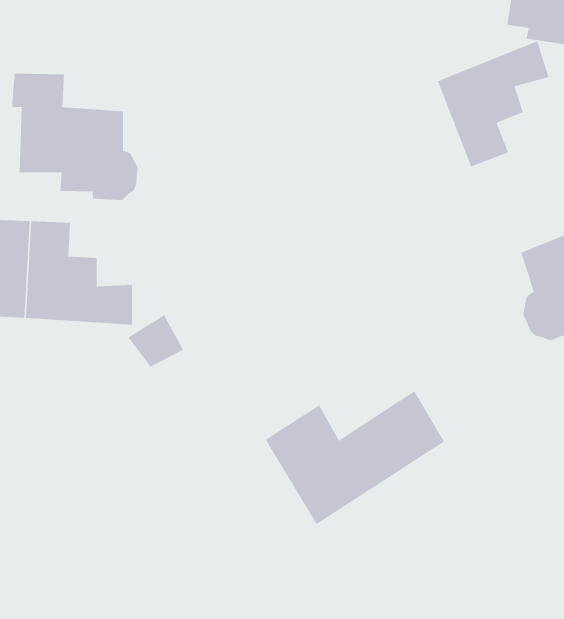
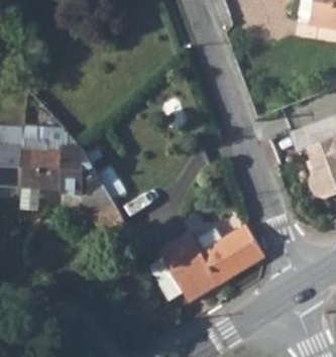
building: [437,41,549,167] -> none
building: [12,73,138,201] -> none

